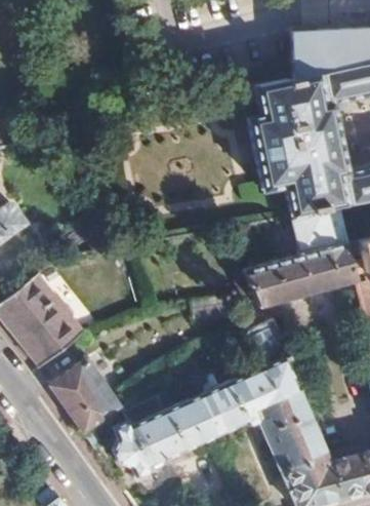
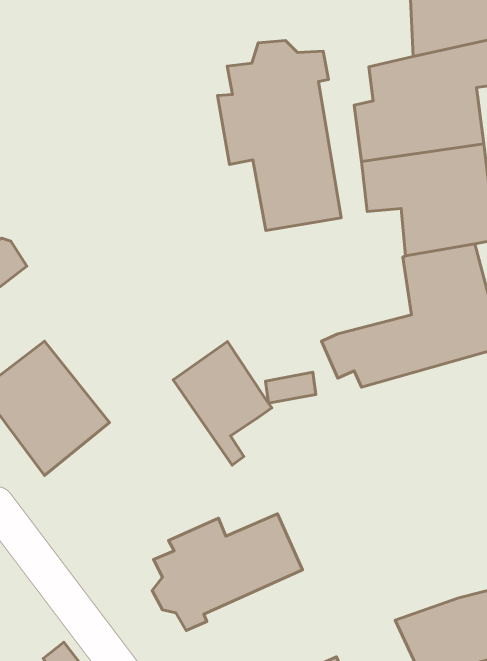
building: none -> [218,40,341,230]
building: [200,321,326,471] -> none
building: [50,361,119,447] -> [173,341,272,465]

